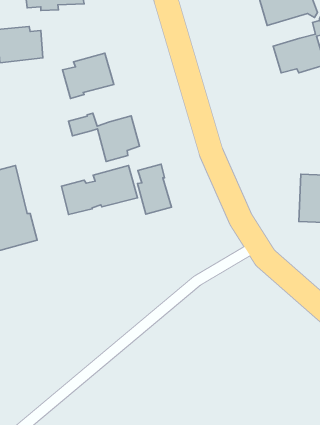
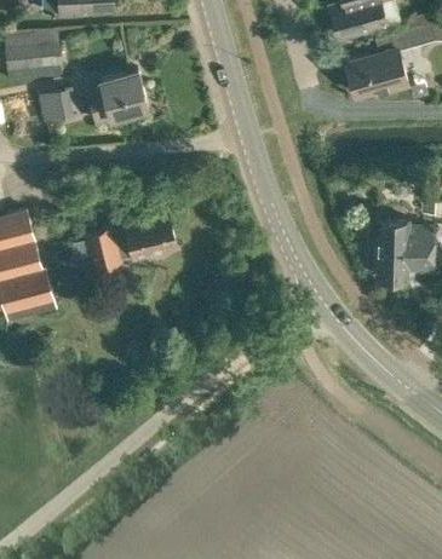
building: none -> [51,90,82,120]
building: [69,113,140,161] -> none
building: [138,164,171,214] -> none

